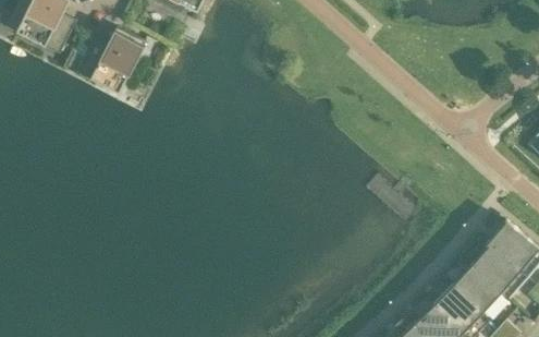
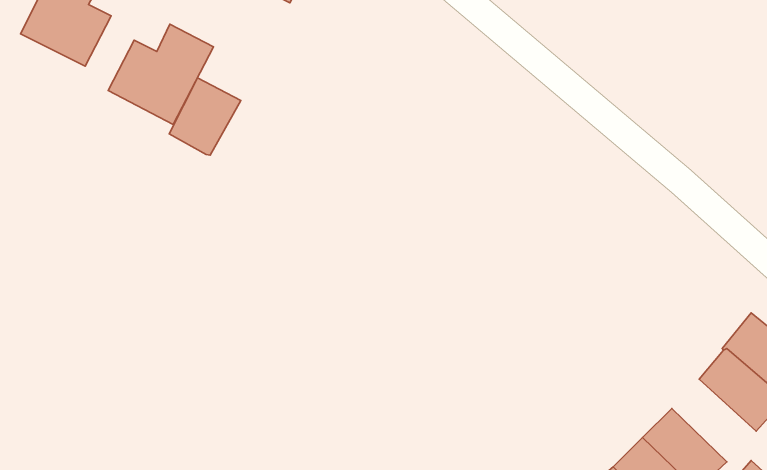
building: none -> [169,78,241,155]
building: [452,266,509,322] -> none

